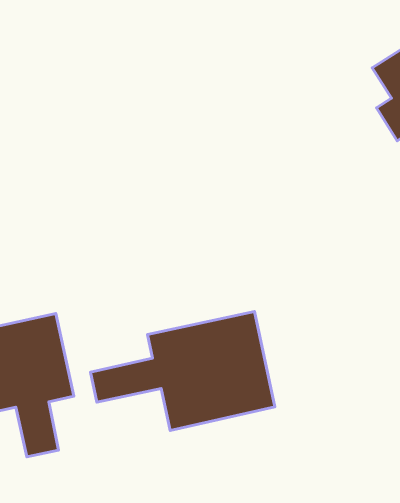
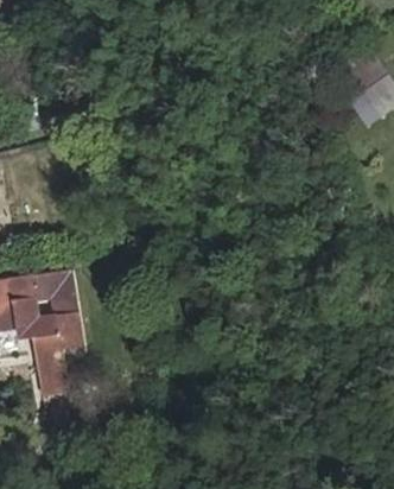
building: [90,311,275,430] -> none

